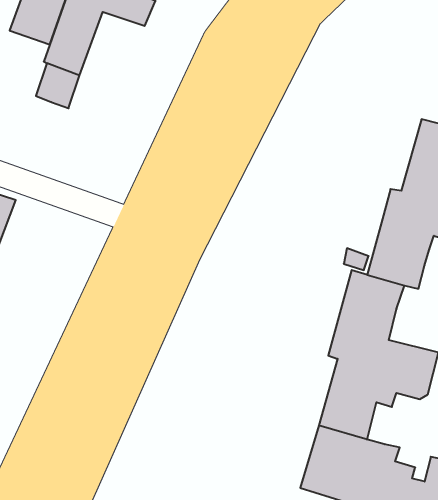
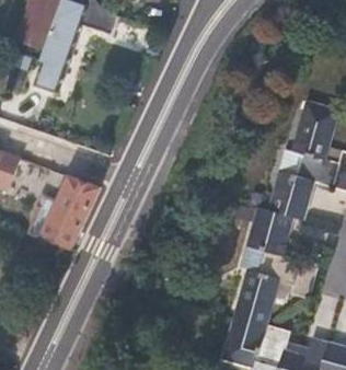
building: none -> [25,175,100,248]

